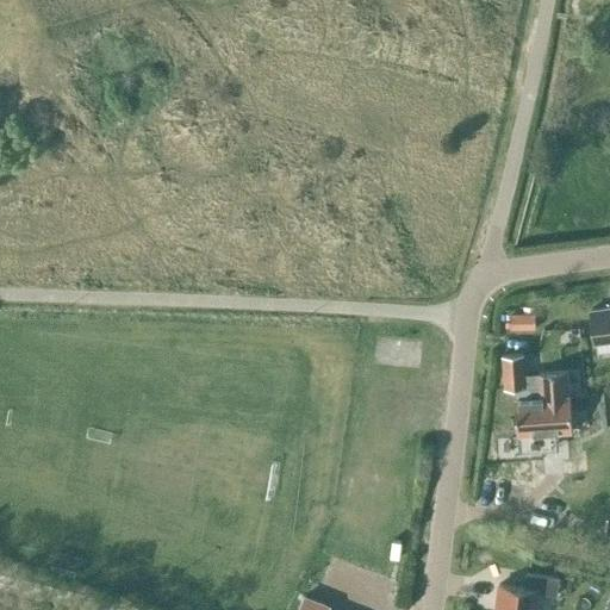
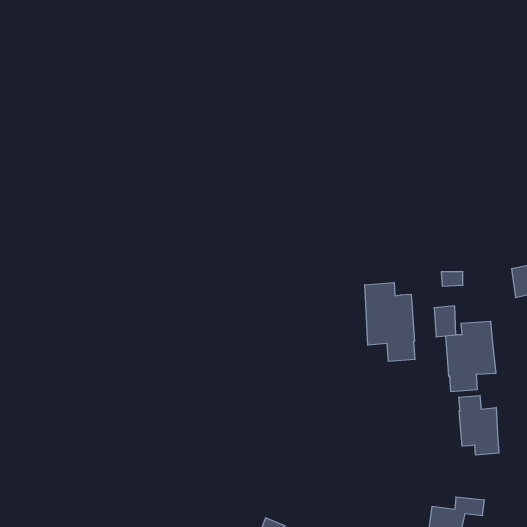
building: none -> [365,282,415,361]
building: none -> [459,395,499,455]

